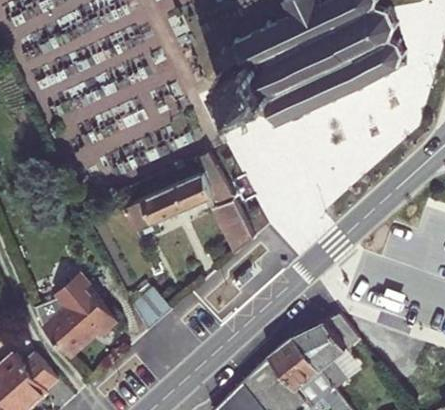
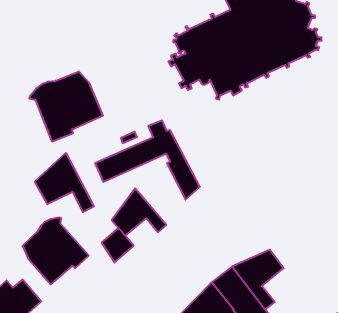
building: none -> [30,71,103,142]
building: none -> [35,153,94,212]
building: none -> [112,188,166,235]

